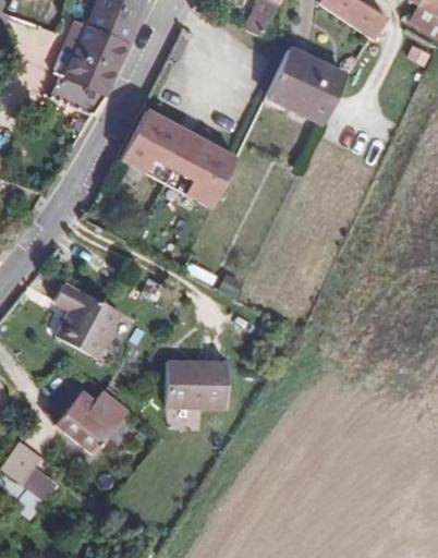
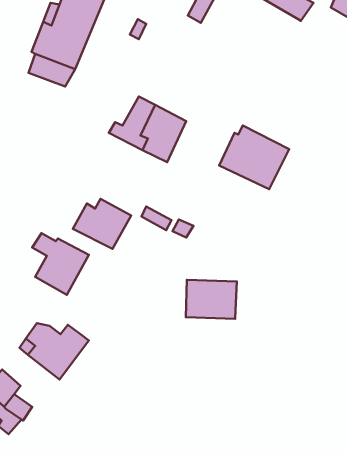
building: [268,44,352,120] -> [219,125,289,189]
building: [122,104,182,167] -> none
building: none -> [73,199,131,249]
building: [170,363,231,410] -> [186,280,237,319]

